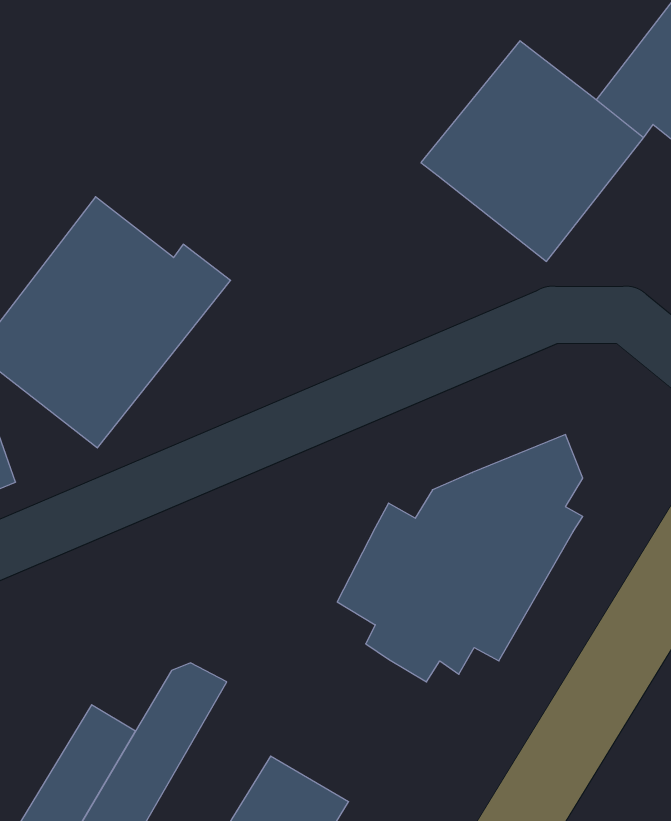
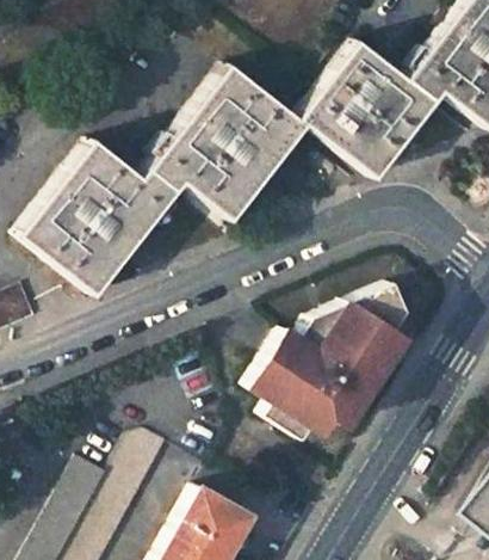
building: none -> [147,64,307,219]

